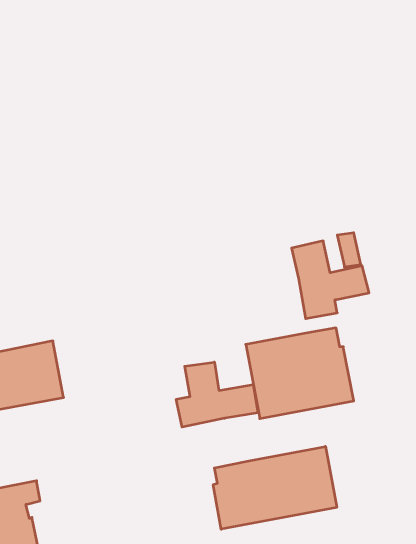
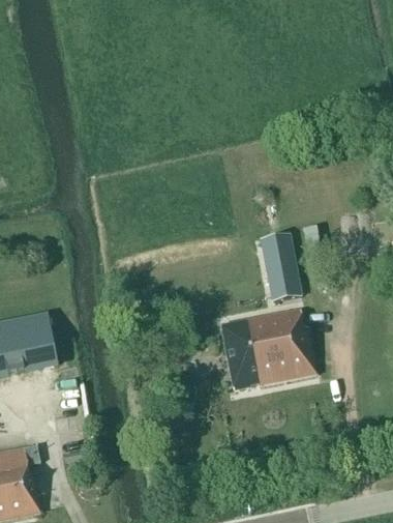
building: [176,362,258,427] -> none
building: [213,446,337,529] -> none

